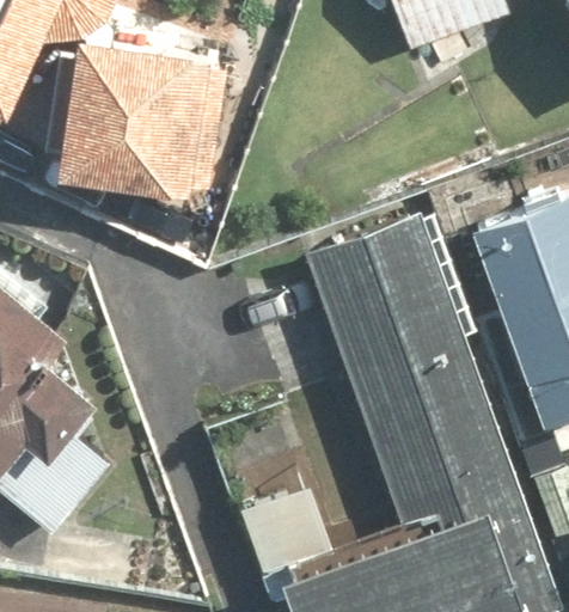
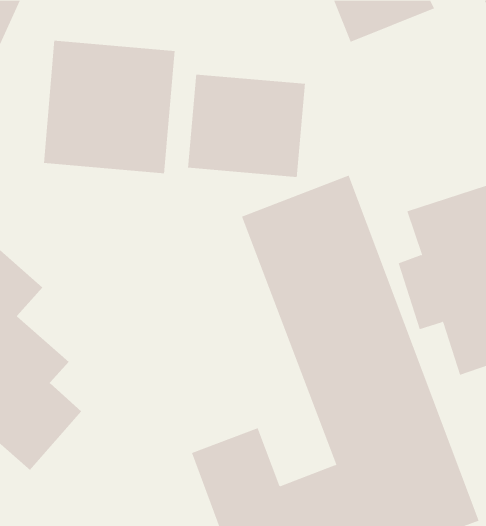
building: none -> [188,74,305,178]

